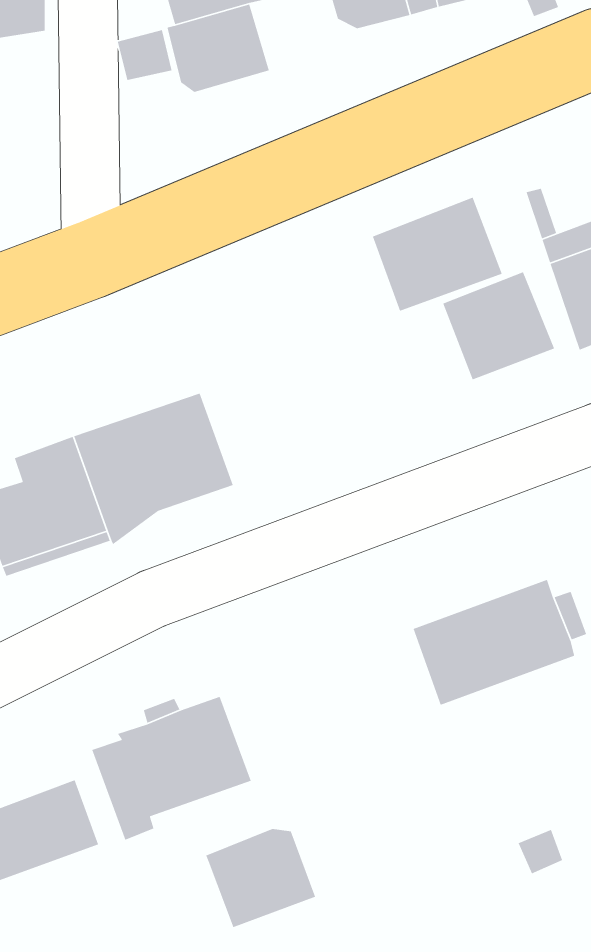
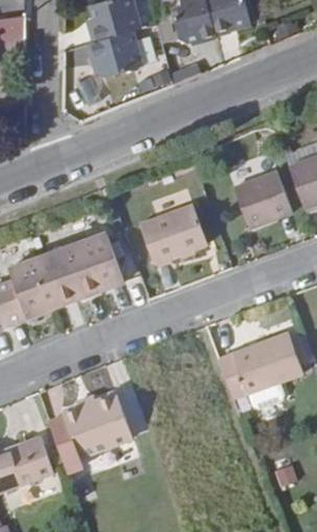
building: [372,197,503,312] -> [139,204,208,264]
building: [205,828,316,928] -> none

